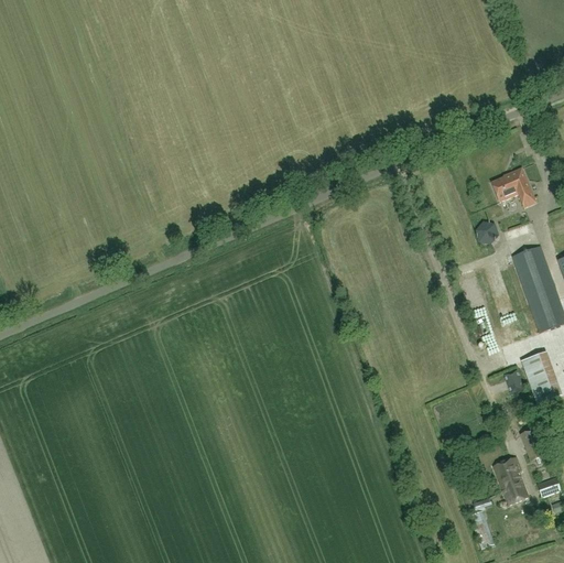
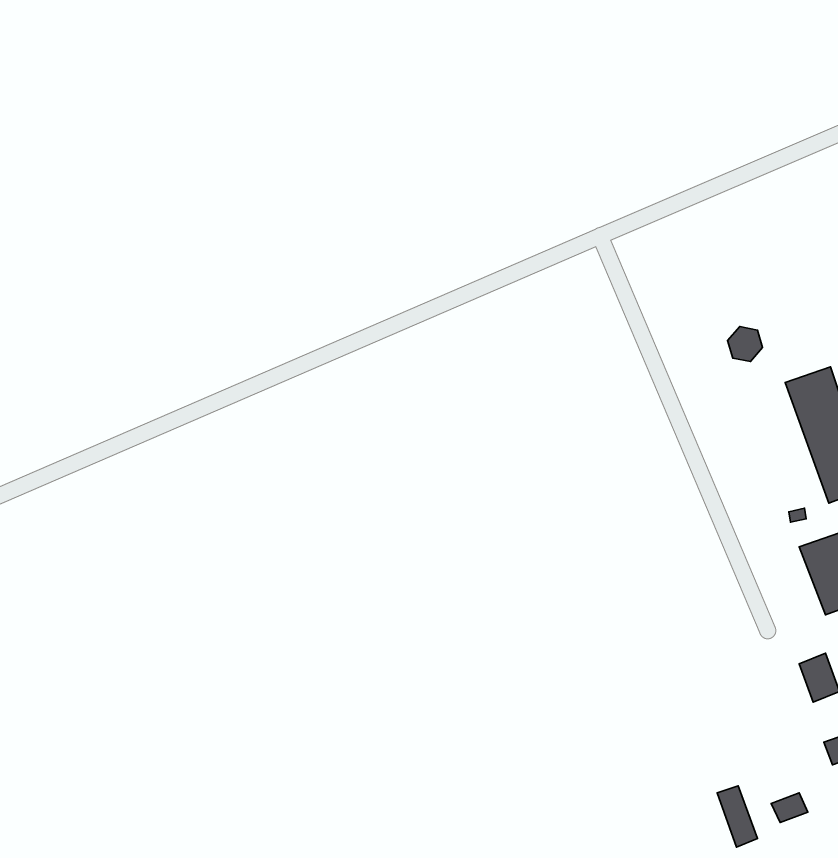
building: [491,166,535,206] -> none
building: [494,456,528,504] -> none

